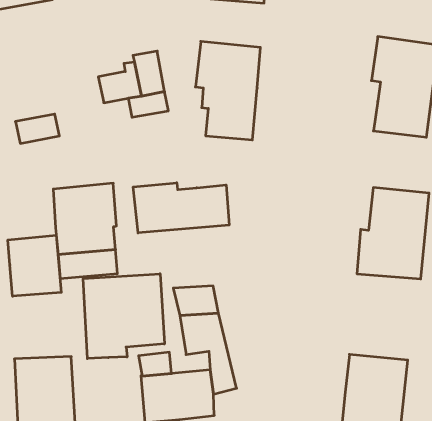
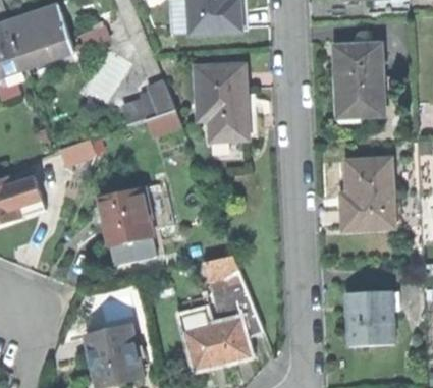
building: [133,183,229,233] -> none
building: [8,235,61,296] -> none
building: [83,274,164,359] -> none

